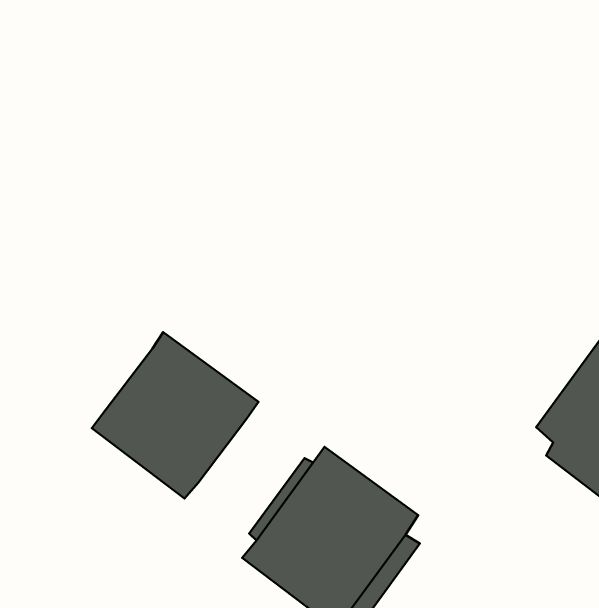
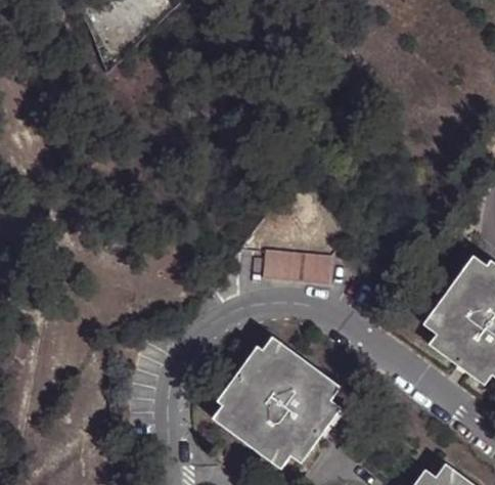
building: none -> [263,249,331,281]
building: [92,332,258,498] -> none

